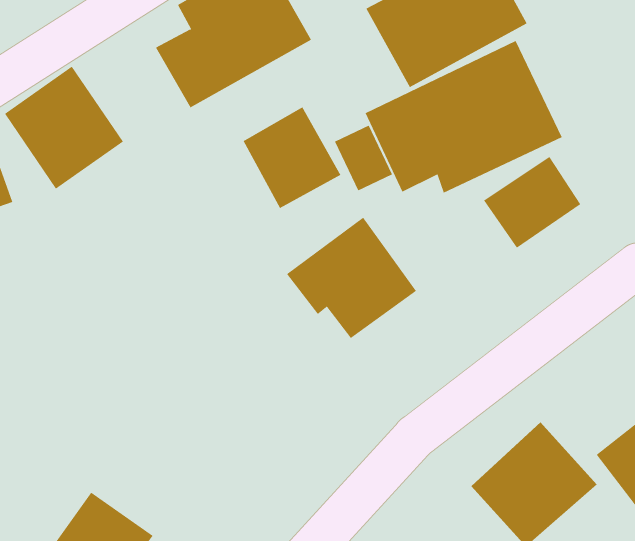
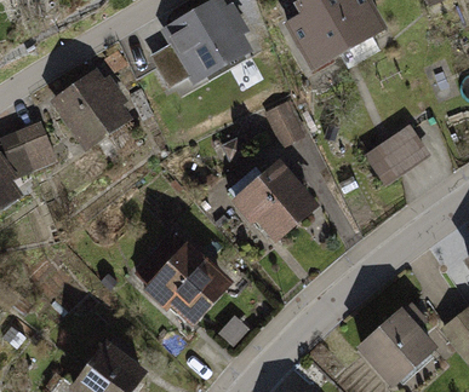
building: [365,40,563,194] -> none
building: [243,107,341,209] -> none
building: none -> [149,243,234,328]

